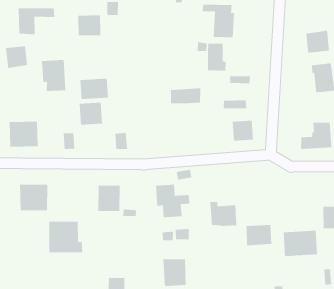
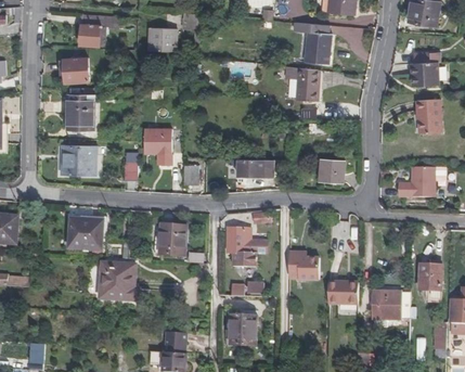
building: [41,60,66,92] -> [66,93,93,129]
building: [80,78,109,100] -> none
building: [170,88,201,104] -> [236,158,273,176]

